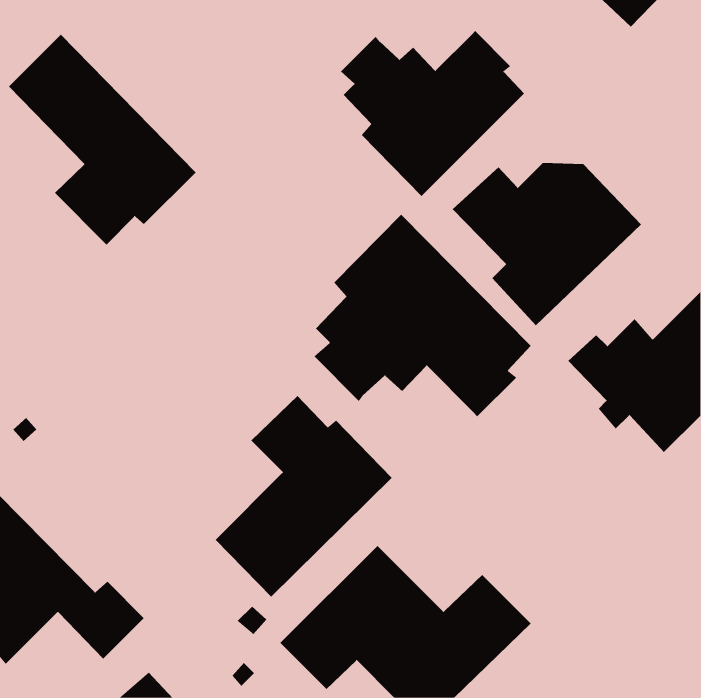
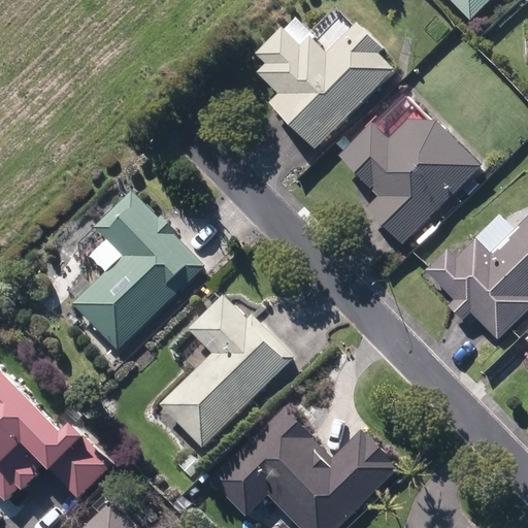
building: [8,34,197,246] -> none
building: [314,214,532,417] -> none
building: none -> [75,193,204,350]

